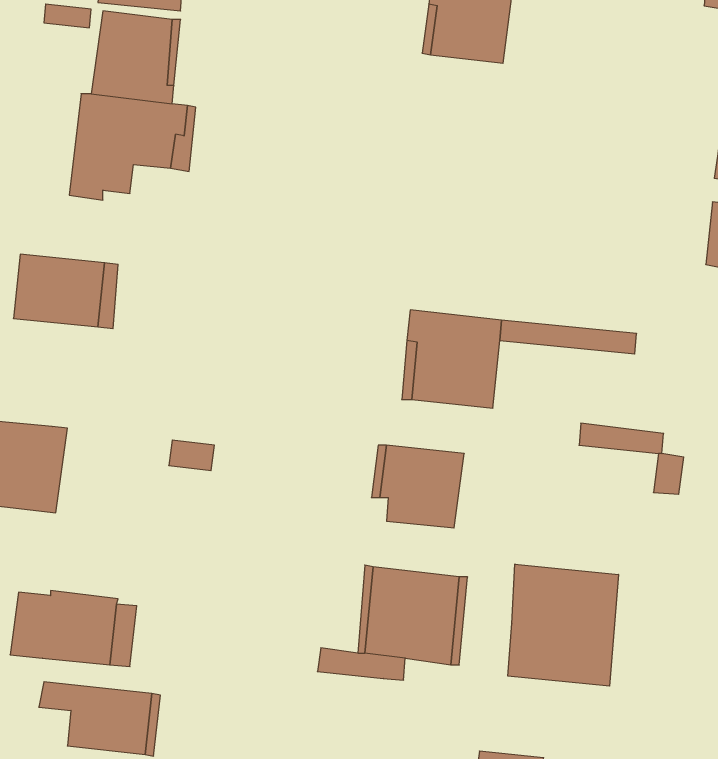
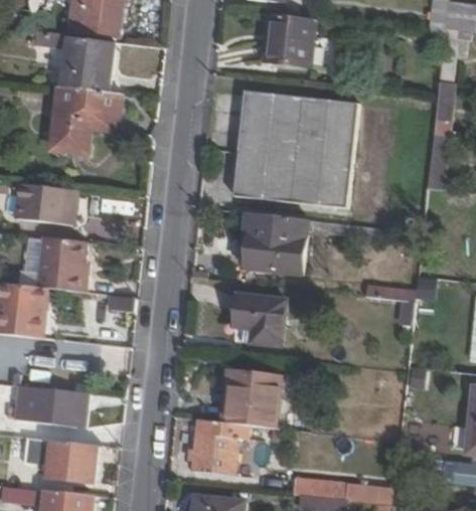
building: none -> [233,94,356,209]
building: none -> [38,236,88,291]
building: [508,564,618,686] -> none
building: none -> [192,431,235,473]

